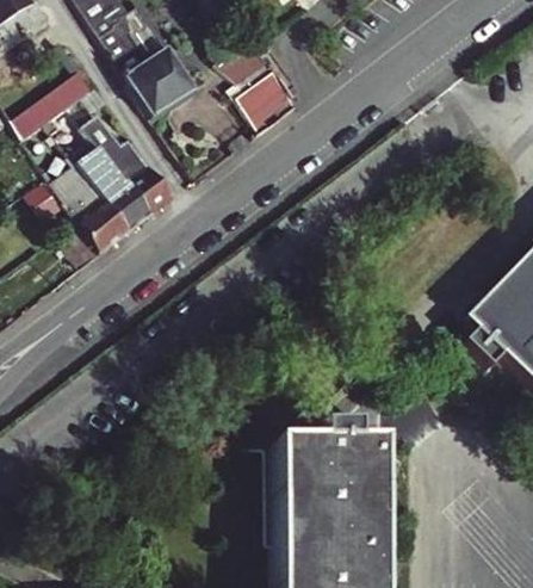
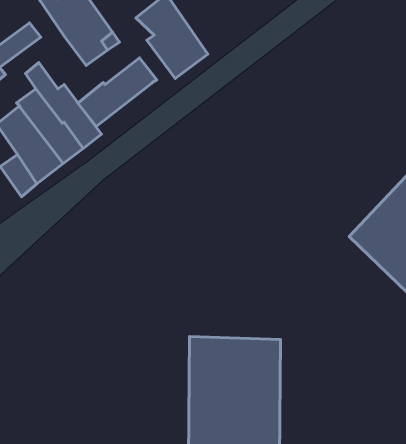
building: none -> [78,58,157,126]

